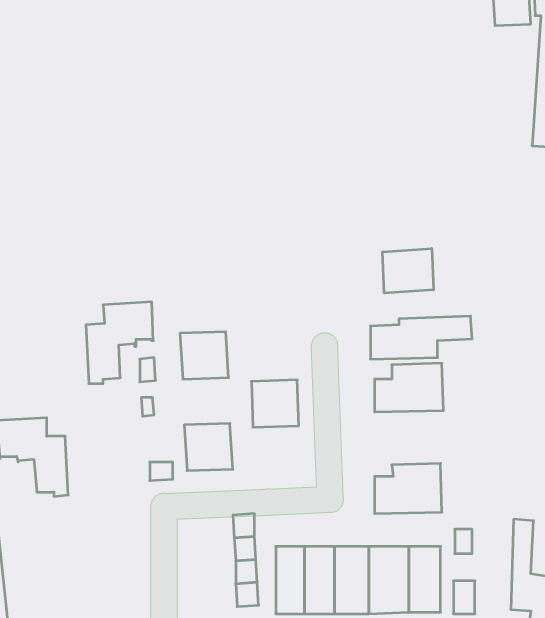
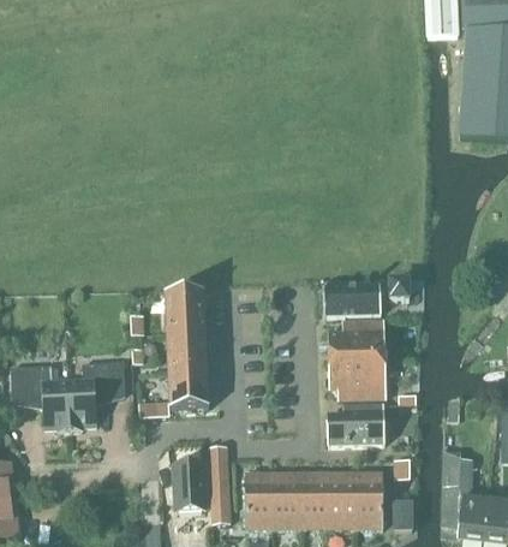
building: [383,248,433,293] -> none
building: [86,302,153,384] -> [68,361,125,429]
building: [251,380,299,427] -> [167,331,207,370]
building: none -> [328,358,387,399]
building: none -> [173,462,205,510]

